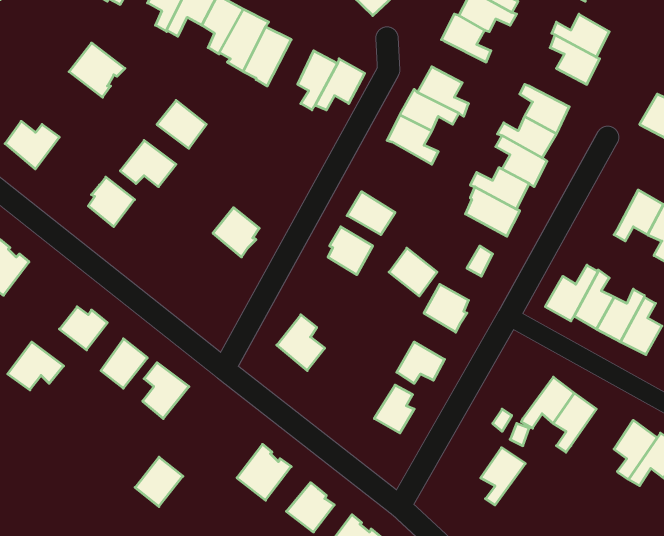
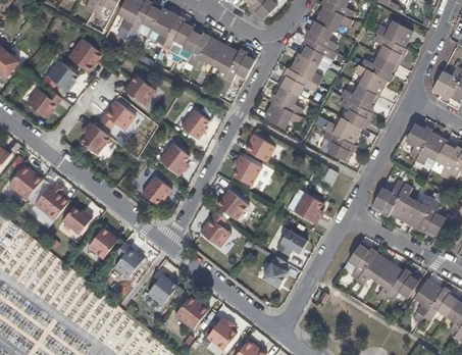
building: none -> [194,36,223,68]
building: none -> [299,37,336,63]
building: none -> [361,54,398,81]
building: none -> [47,60,78,90]
building: none -> [264,101,302,128]
building: none -> [181,108,208,139]
building: none -> [405,120,431,157]
building: [389,248,437,296] -> [217,189,248,219]
building: none -> [141,175,171,204]
building: [8,342,64,390] -> [34,184,69,214]
building: none -> [388,267,421,300]
building: [481,448,525,505] -> [348,241,376,277]
building: [135,457,183,507] -> [147,273,177,305]

